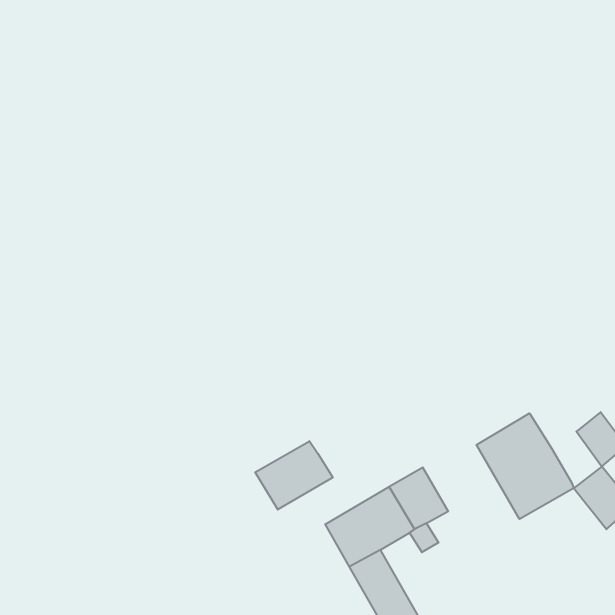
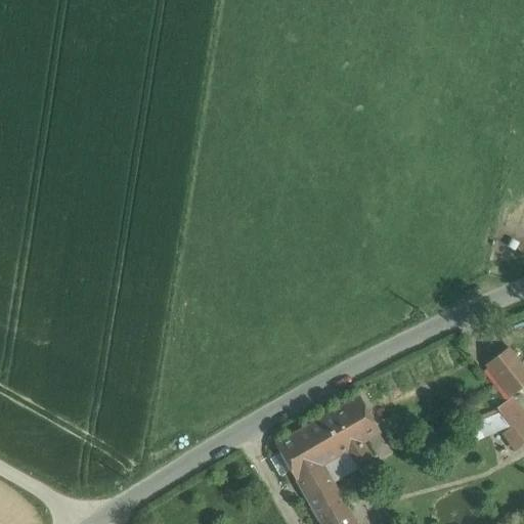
building: [476,413,574,519] -> none
building: [255,441,333,510] -> none

